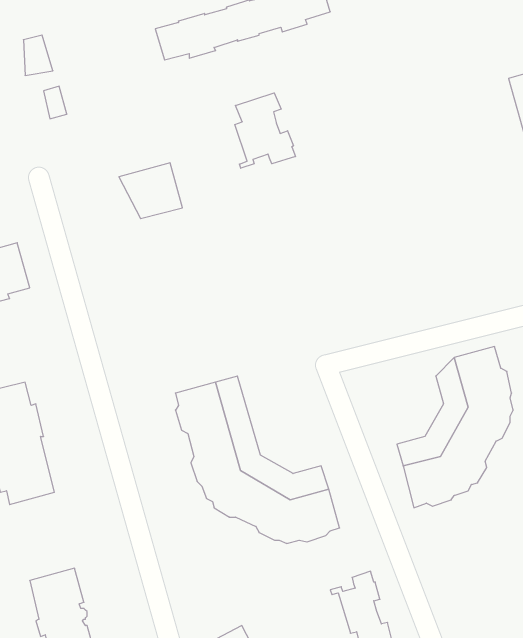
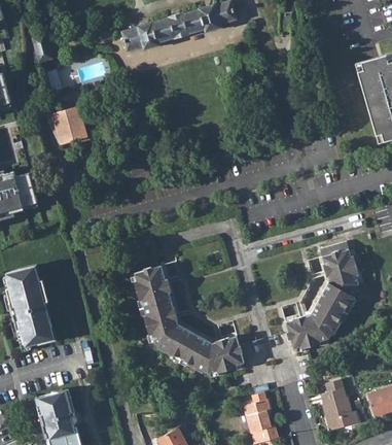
building: [235,93,295,168] -> none
building: [119,163,182,219] -> [45,107,87,144]
building: none -> [321,379,359,431]

